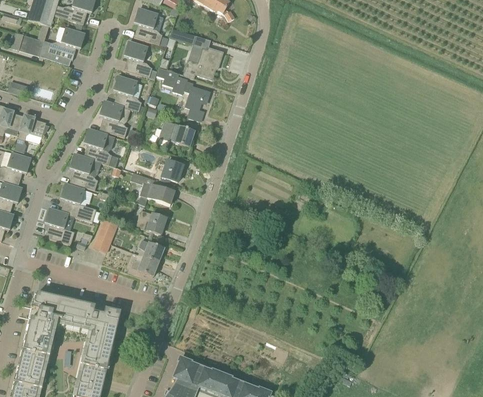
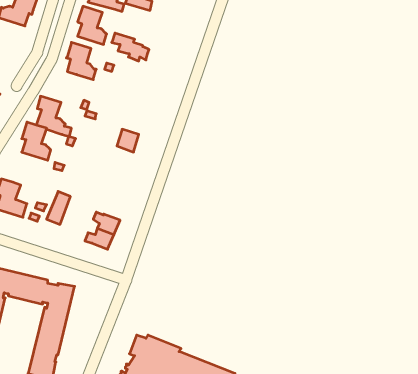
building: [182,46,222,78] -> none
building: [185,85,209,120] -> none
building: [99,100,127,136] -> none
building: [158,119,193,146] -> none
building: [137,181,174,204] -> none
building: [60,182,96,221] -> none
building: [135,209,165,234] -> none

